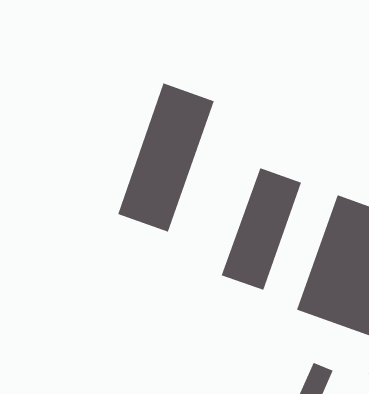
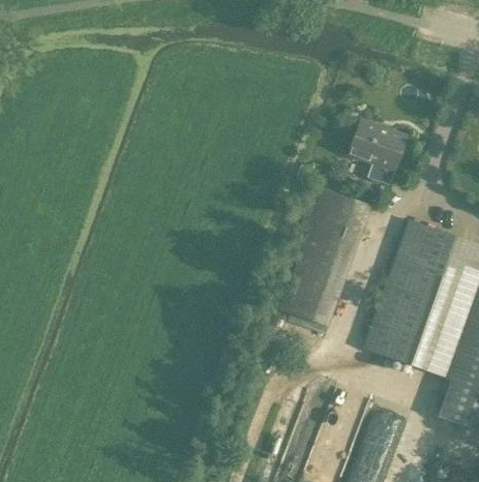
building: [117,82,215,232] -> none
building: none -> [351,118,408,182]

